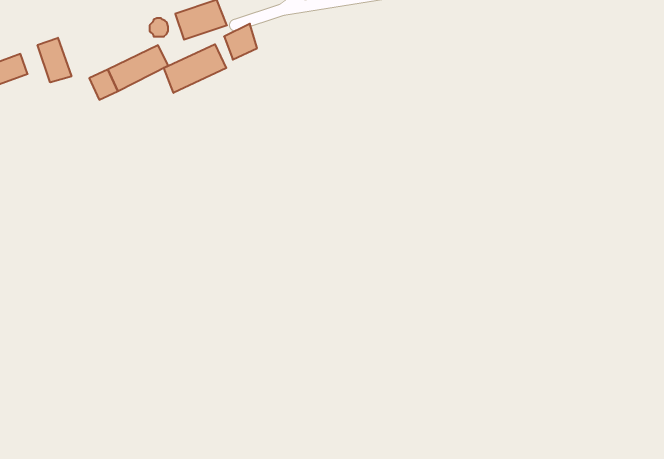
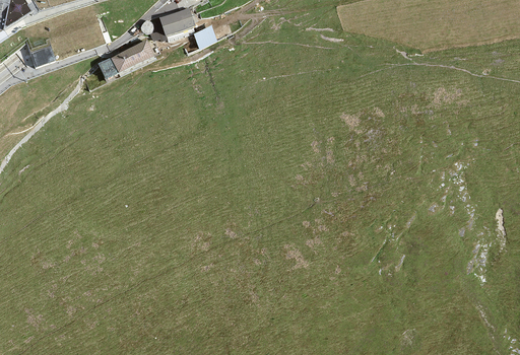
building: [38,38,71,82] -> none
building: [164,44,226,93] -> none

